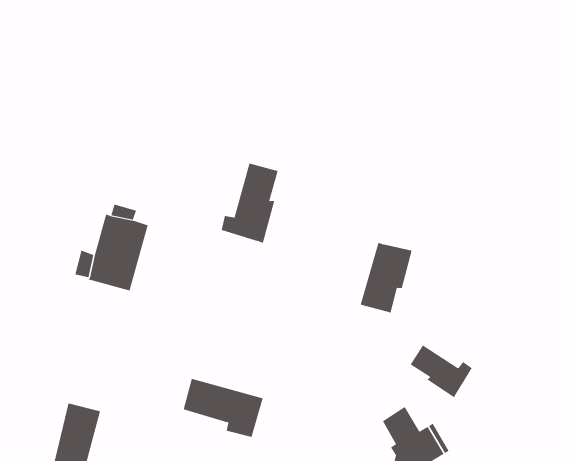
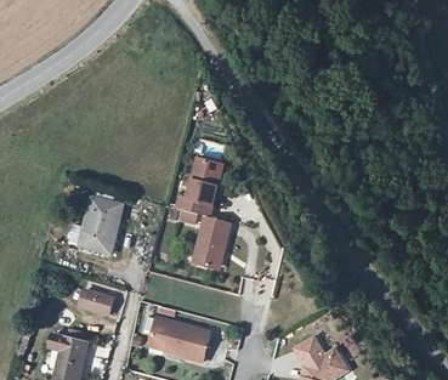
building: [360,242,412,313] -> [192,216,231,268]
building: none -> [80,288,115,313]
building: [410,345,472,398] -> none

